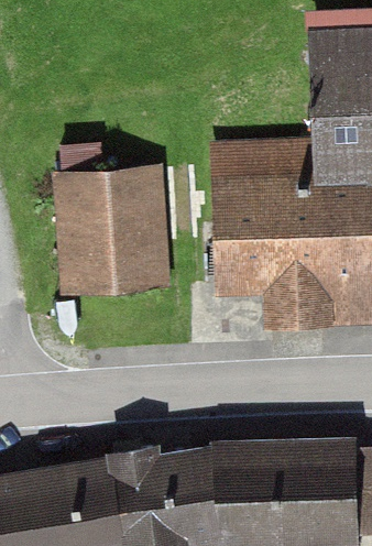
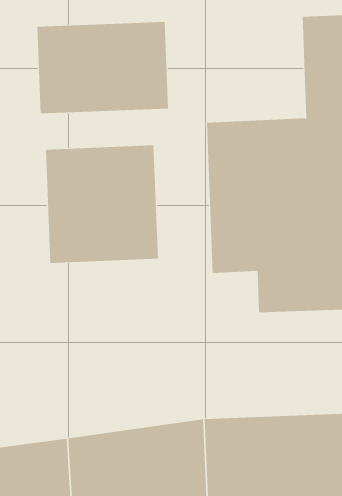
building: none -> [37,21,169,114]

